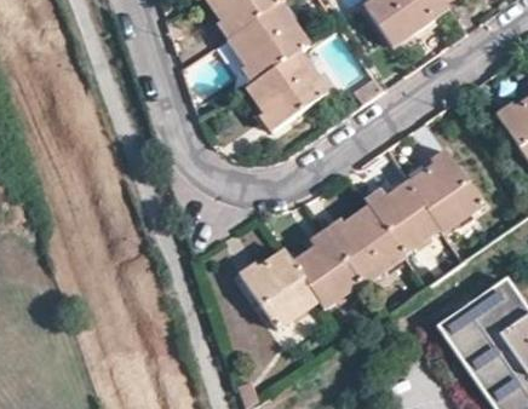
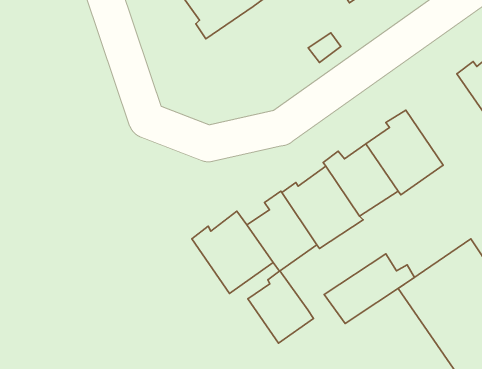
building: [247,50,325,128] -> none
building: none -> [324,254,414,324]
building: none -> [248,271,314,343]

